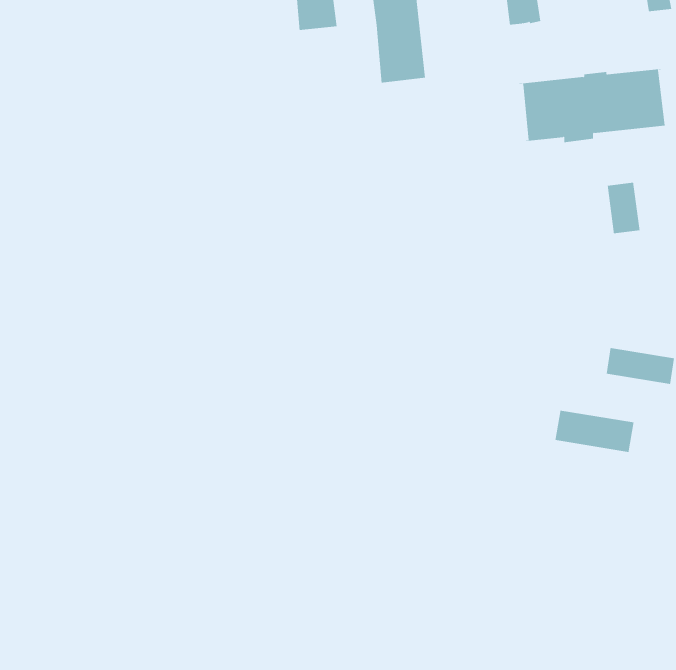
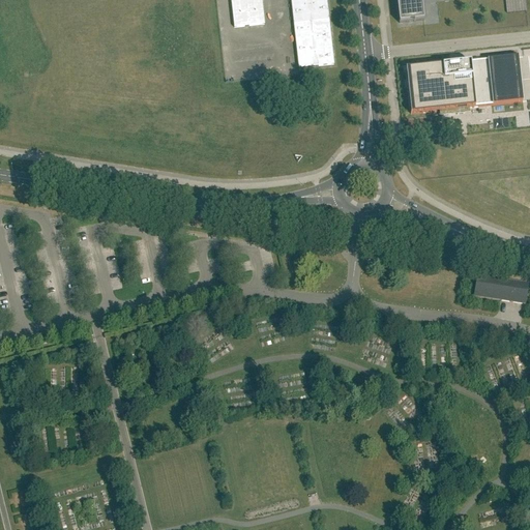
building: [607,182,640,234] -> none
building: [555,410,634,453] -> none

